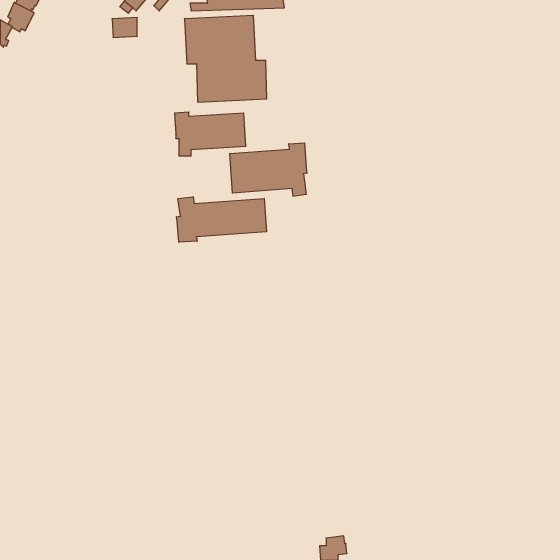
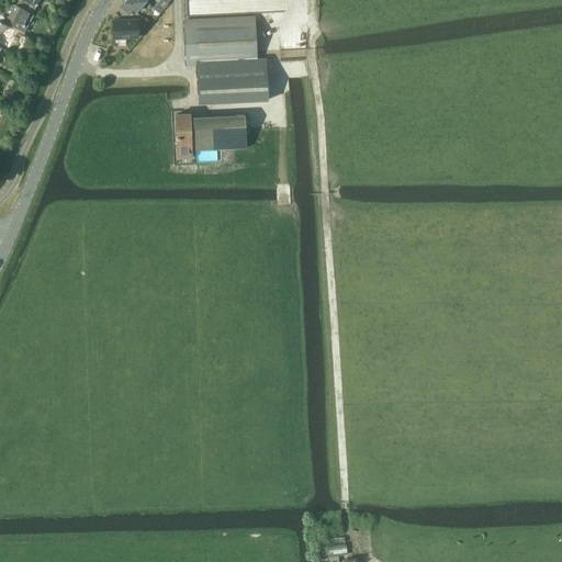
building: [230,143,307,196] -> none
building: [176,197,266,242] -> none

